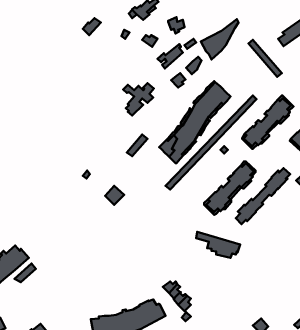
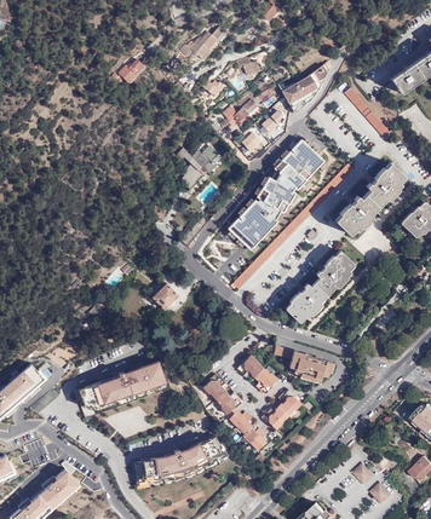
building: [236,168,290,224] -> none
building: none -> [236,356,277,394]
building: none -> [75,361,171,419]
building: none -> [202,374,242,415]
building: none -> [260,390,300,429]

